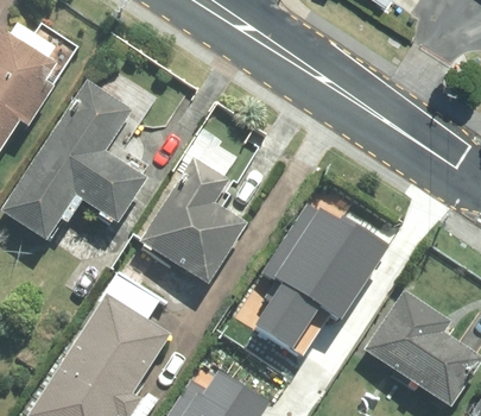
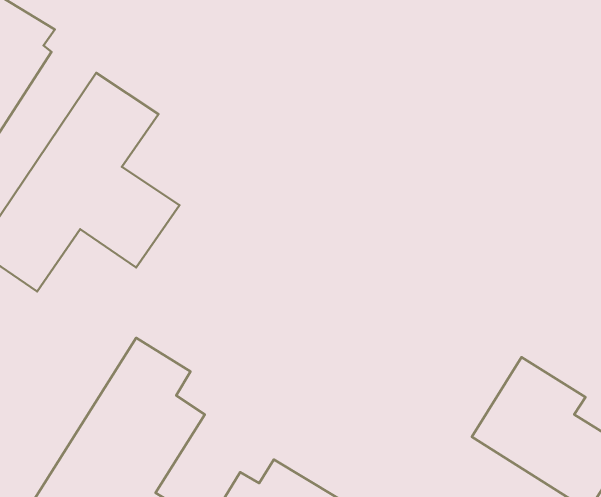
building: [139,157,245,284] -> none
building: [257,206,385,352] -> none

